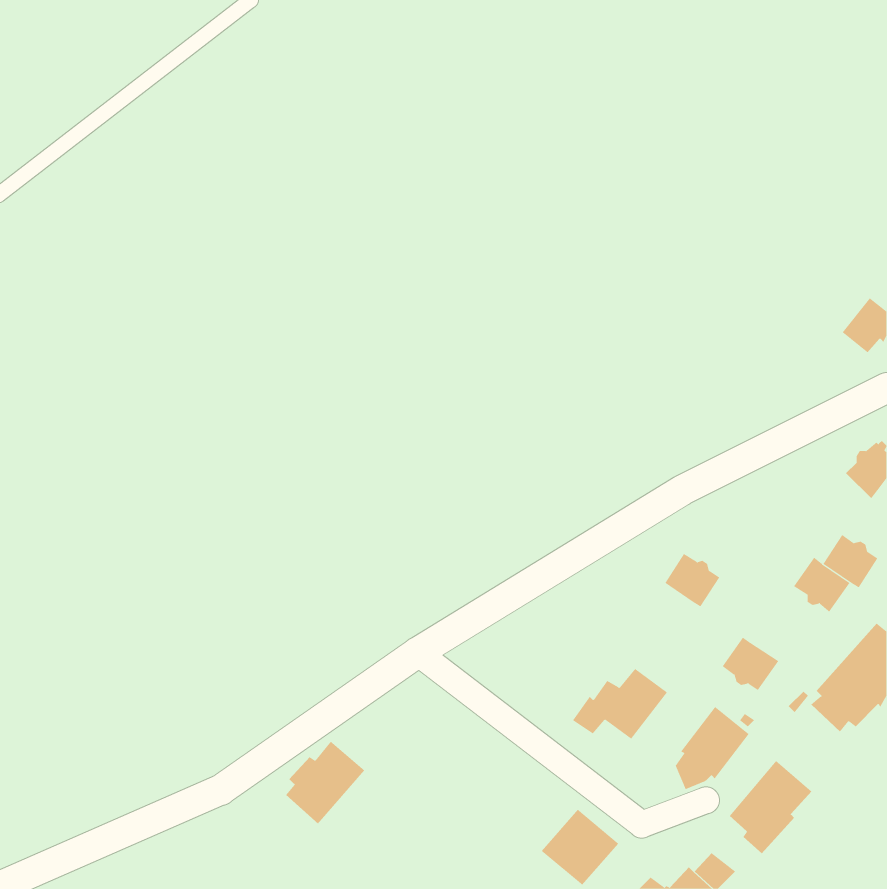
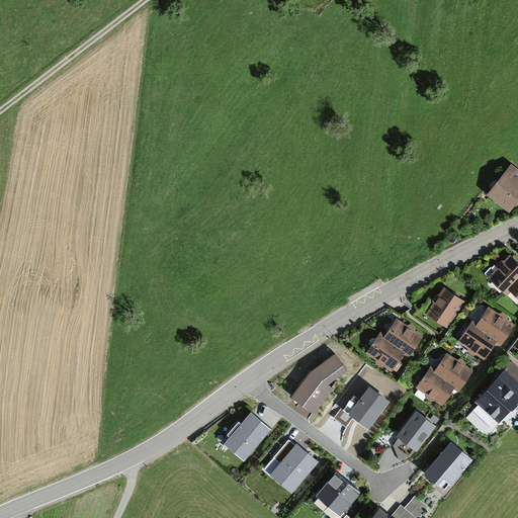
building: none -> [430,289,461,323]
building: none -> [368,336,403,370]
building: none -> [290,353,346,414]
building: none -> [436,356,469,387]
building: [285,741,365,824] -> [224,411,270,459]
building: none -> [273,439,316,490]

